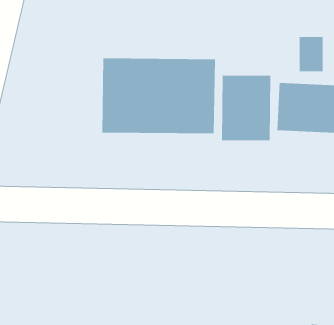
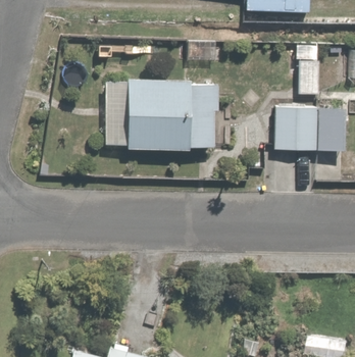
building: [221,75,271,141] -> none

